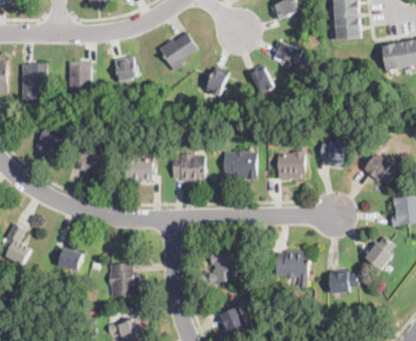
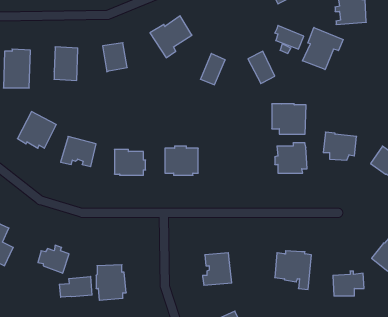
building: none -> [302,27,343,70]
building: [223,151,255,180] -> [272,104,306,134]
building: none -> [59,276,92,297]

